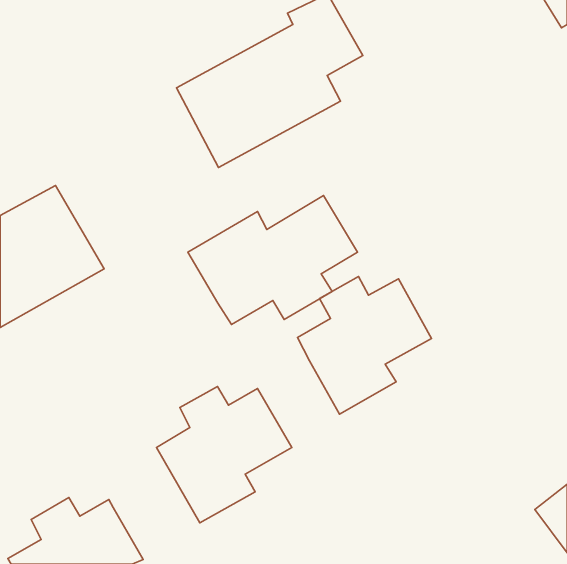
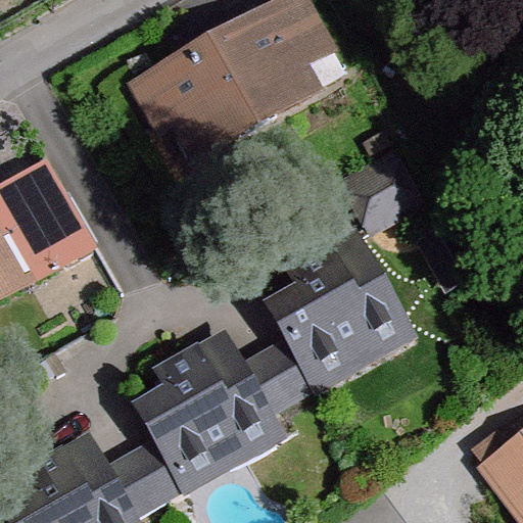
building: [188,195,358,325] -> none
building: none -> [237,332,317,412]
building: none -> [104,436,187,515]

